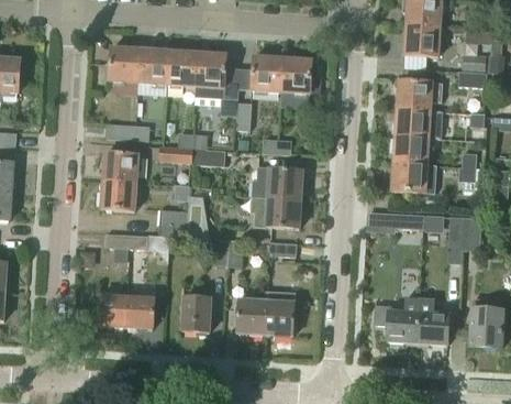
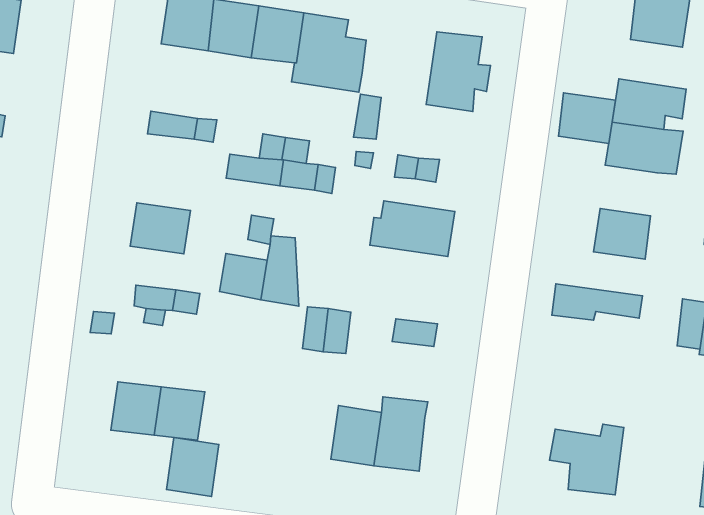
building: [237,57,282,91] -> none
building: [393,135,427,165] -> [558,93,615,143]
building: [102,153,138,184] -> none
building: [249,197,300,229] -> none
building: [180,297,211,332] -> [166,438,219,496]
building: [416,299,449,345] -> none

